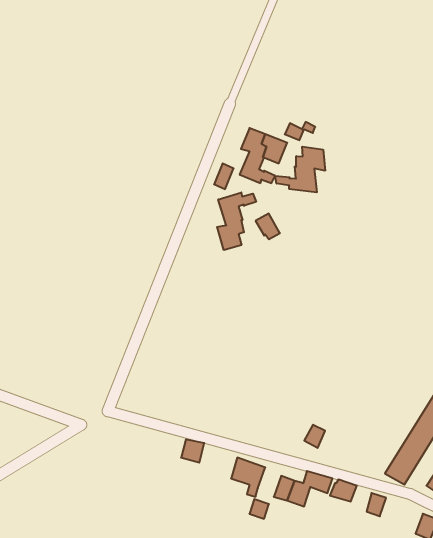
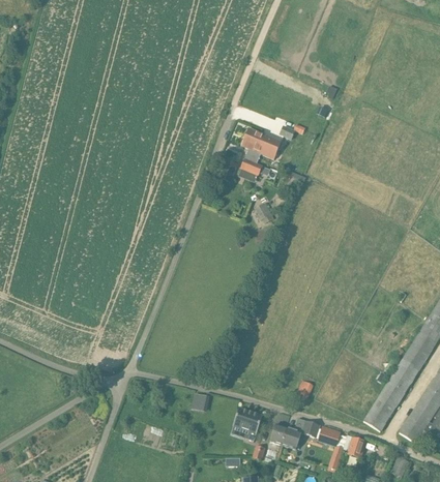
building: [275,147,325,192] -> none
building: [217,192,256,250] -> none

